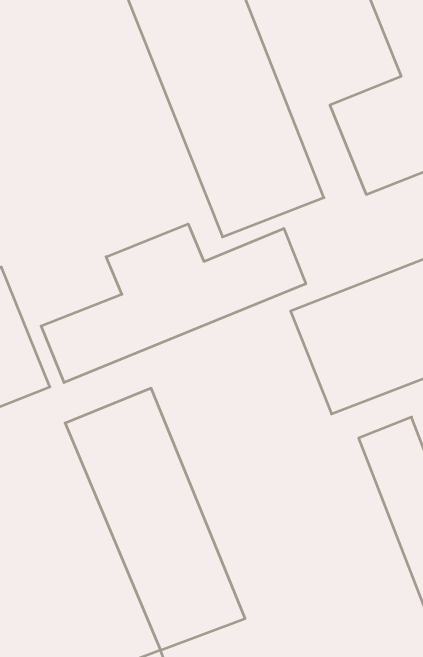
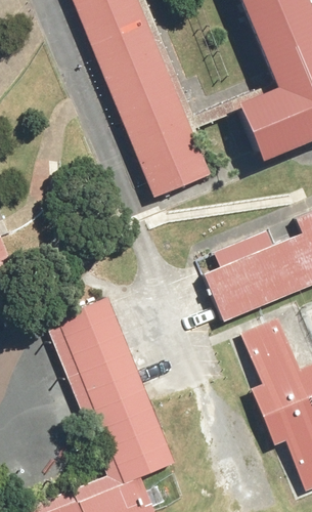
building: [41,224,306,383] -> none

